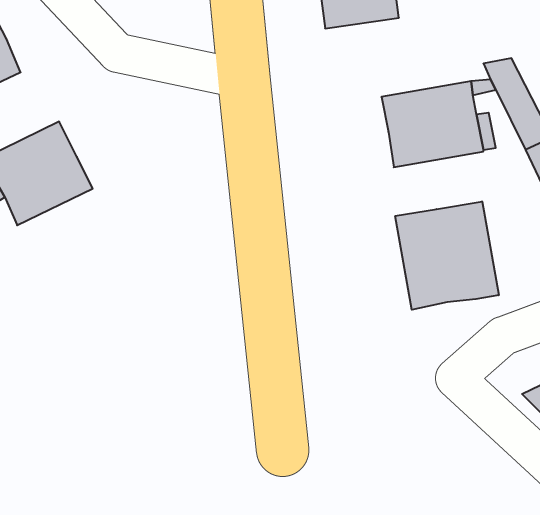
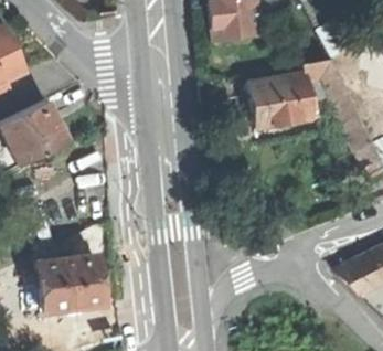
building: [395,201,499,310] -> none
building: none -> [36,257,103,315]

